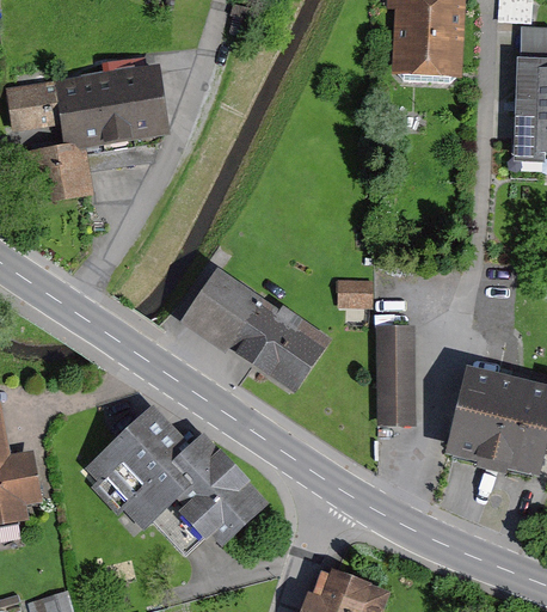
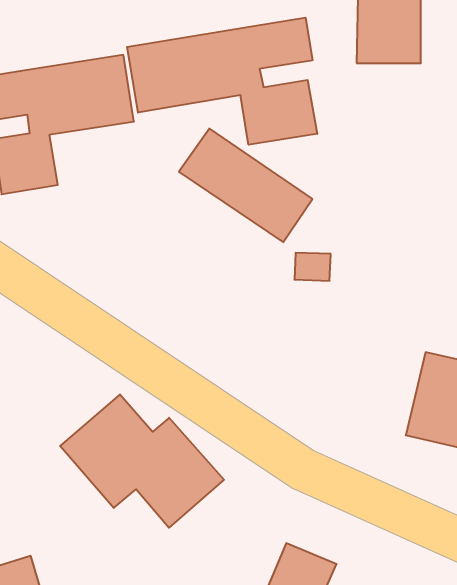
building: none -> [127,18,317,145]
building: [186,270,322,386] -> [179,129,312,242]
building: [376,324,418,424] -> none

